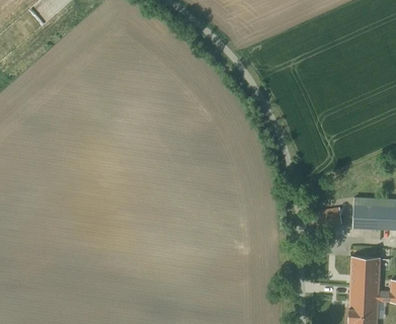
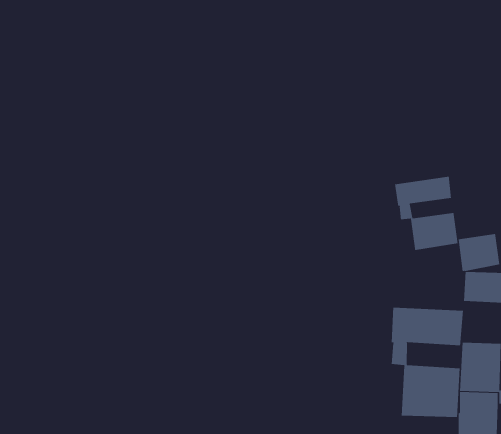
building: none -> [394,176,458,251]
building: none -> [391,307,463,418]

